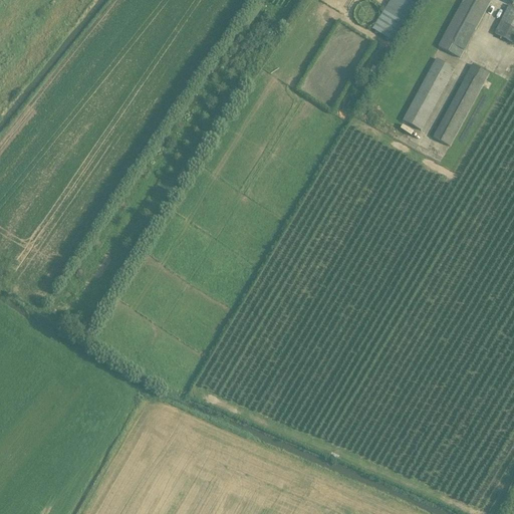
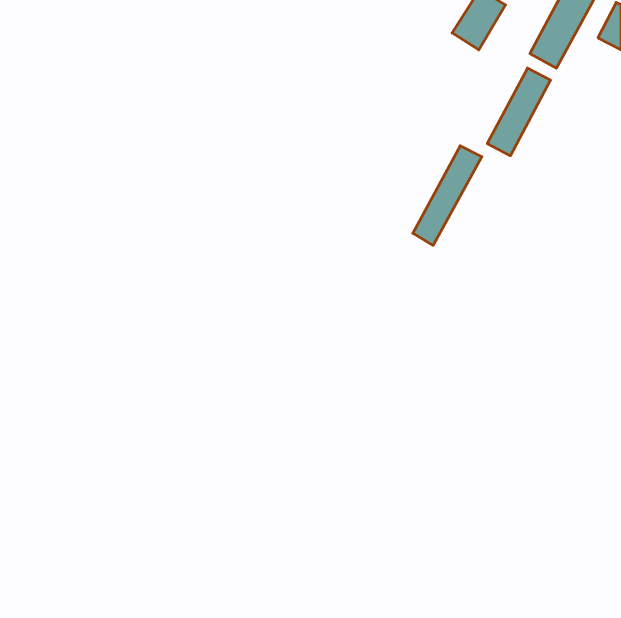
building: [433,62,490,145] -> [413,146,482,245]

